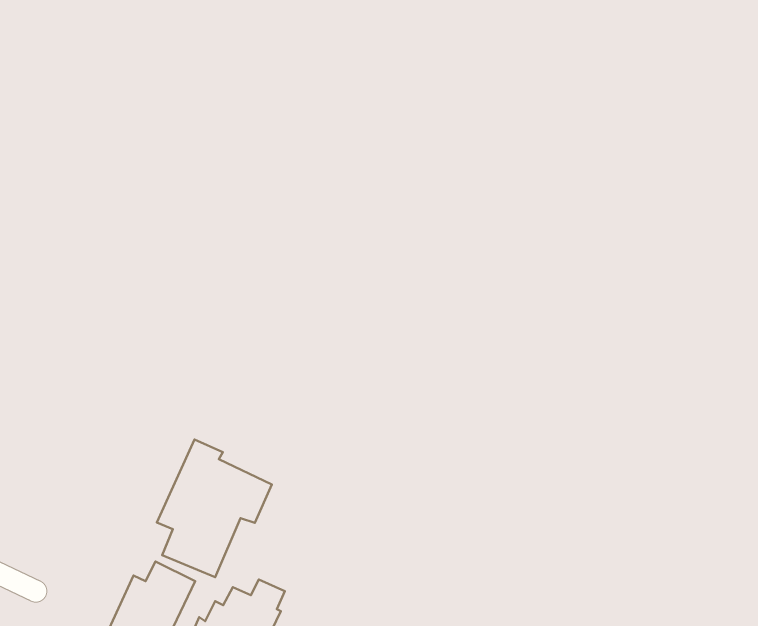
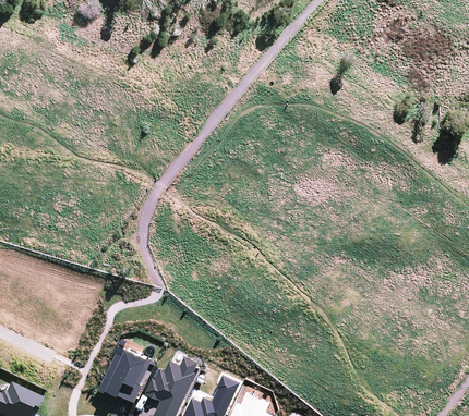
building: [157,439,272,577] -> none

